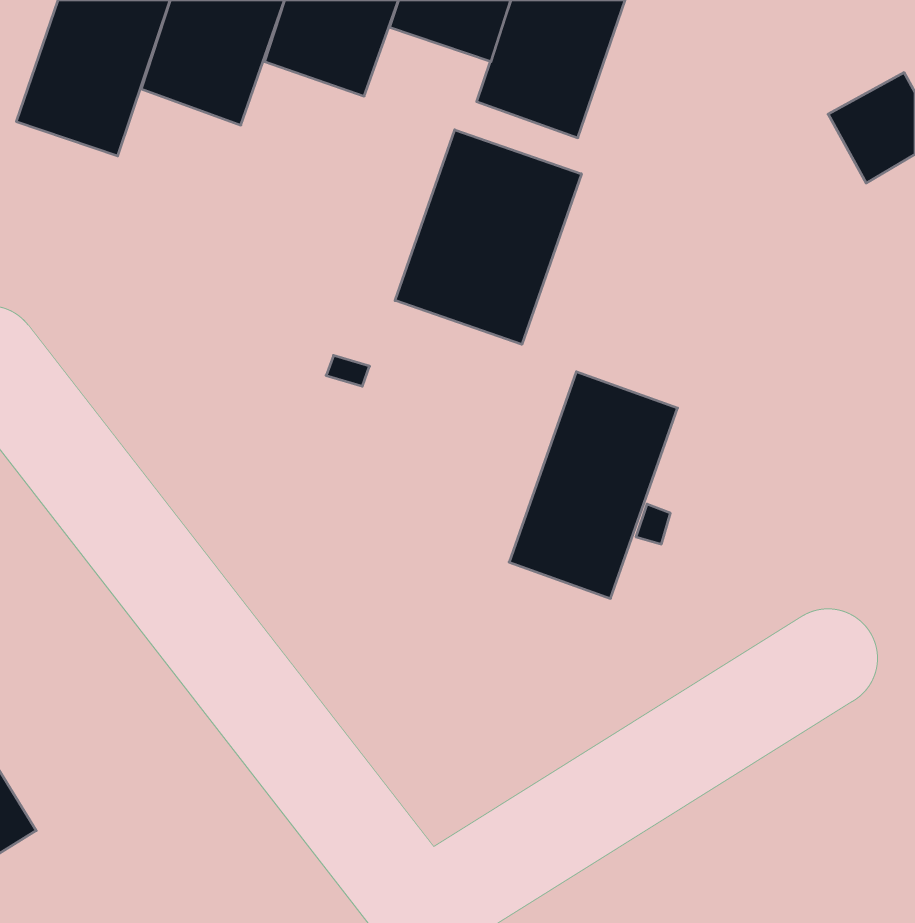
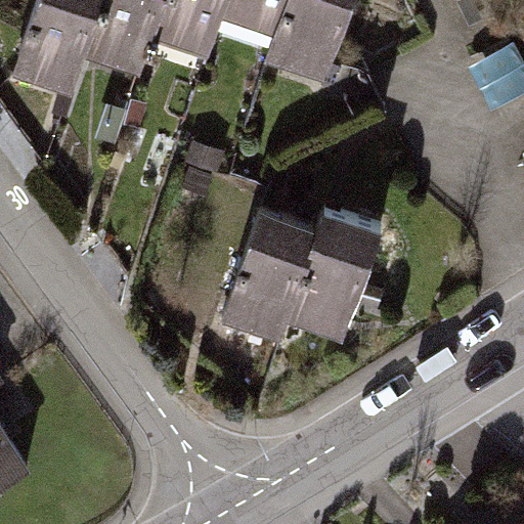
building: [395,130,581,344] -> none
building: none -> [223,212,318,339]

